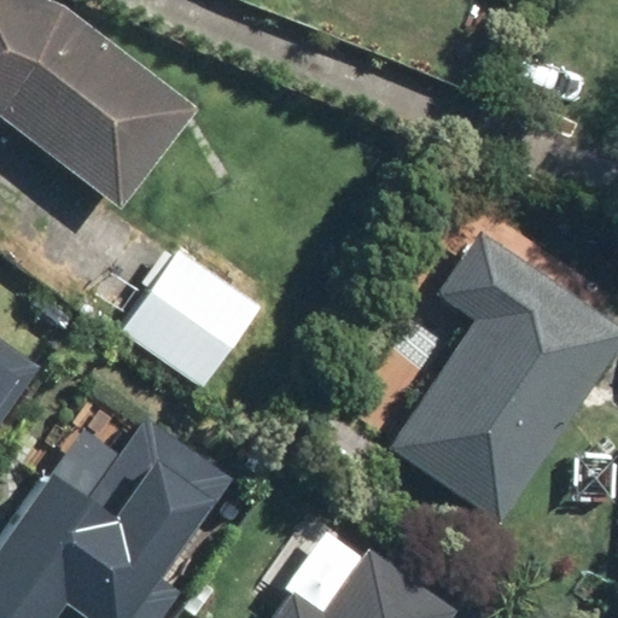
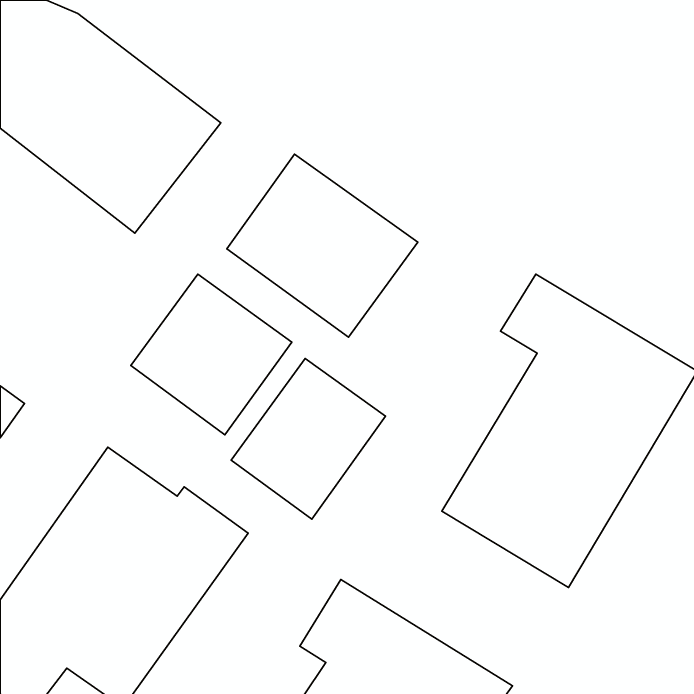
building: none -> [227,154,418,337]
building: none -> [231,358,385,519]

